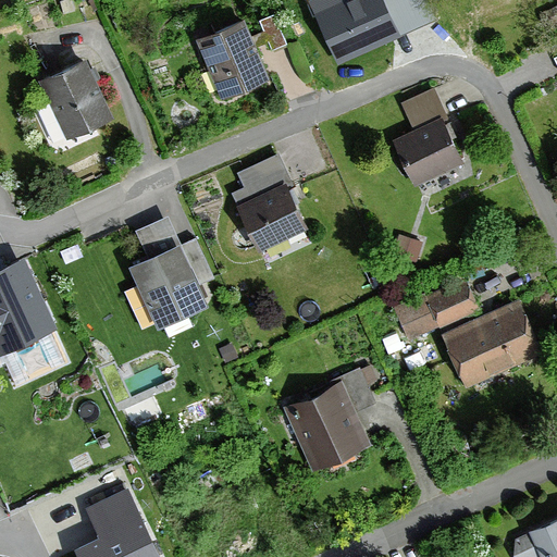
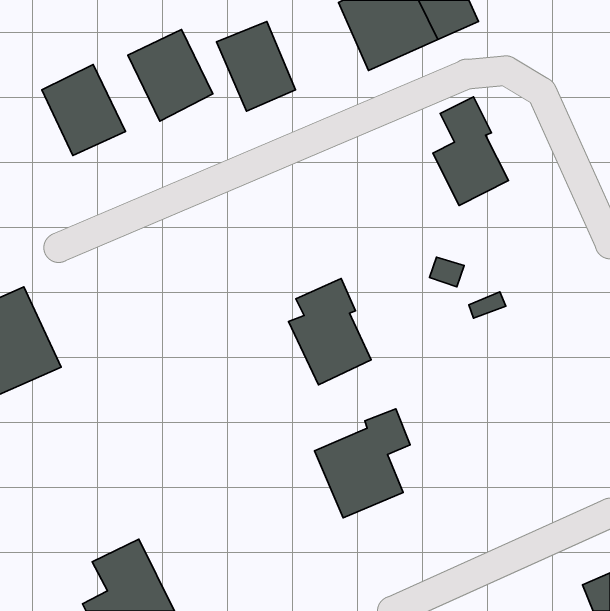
building: none -> [128,30,213,121]
building: [228,157,304,253] -> [289,278,371,385]
building: [126,216,213,331] -> none
building: [393,282,479,338] -> none
building: [442,300,541,386] -> none

